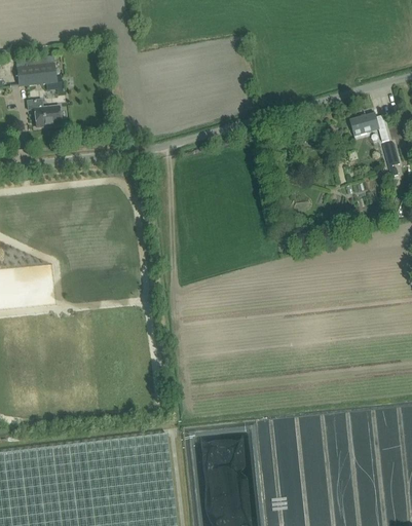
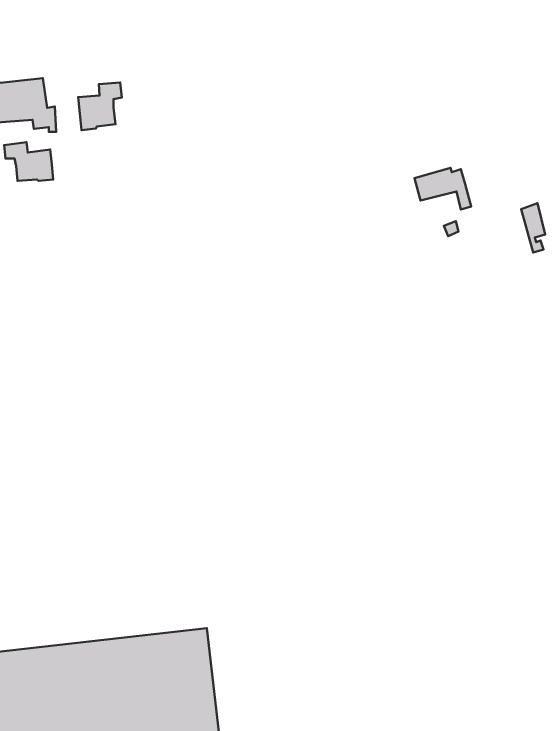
building: none -> [78,83,122,130]
building: [351,114,390,143] -> [415,168,471,209]

